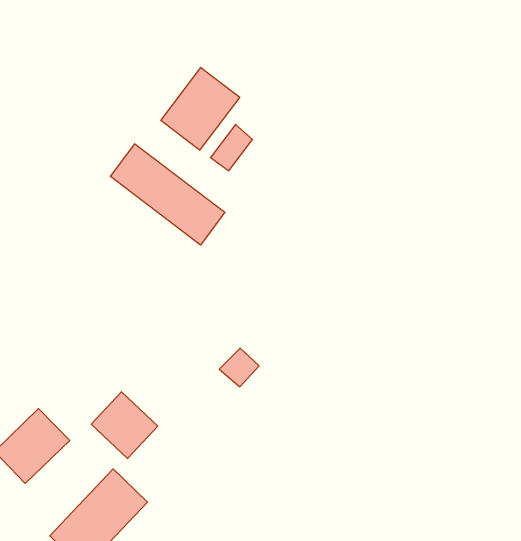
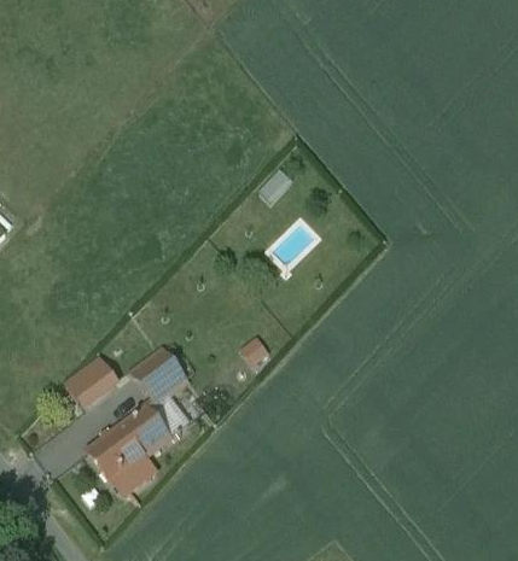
building: [161,67,240,150] -> none
building: [110,144,225,245] -> none

